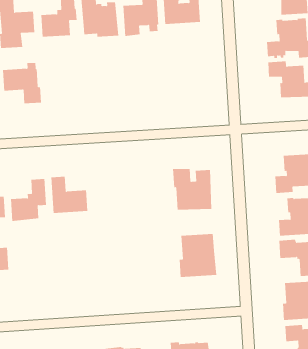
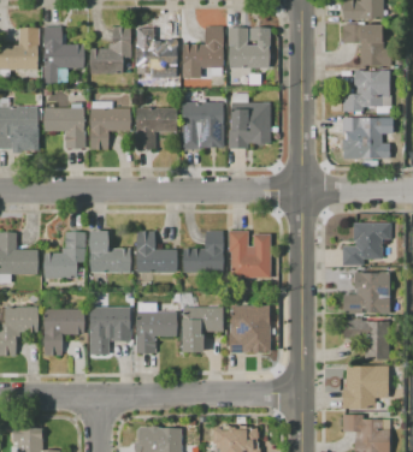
building: none -> [229,93,277,148]
building: none -> [183,102,223,148]
building: none -> [90,101,130,148]
building: none -> [137,107,176,148]
building: none -> [183,230,223,272]
building: none -> [136,230,177,272]
building: none -> [181,292,223,352]
building: none -> [136,302,176,352]
building: none -> [90,307,131,353]
building: none -> [45,308,85,355]

